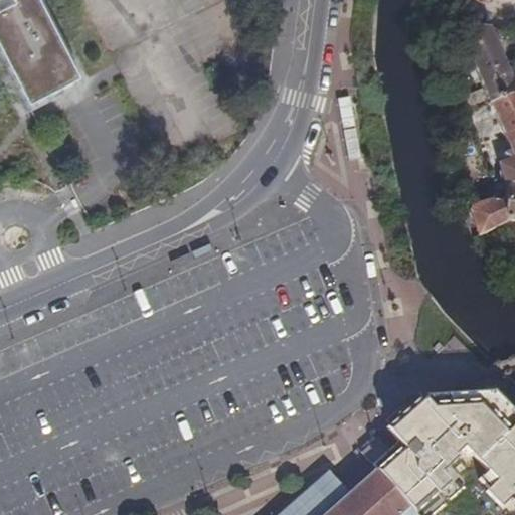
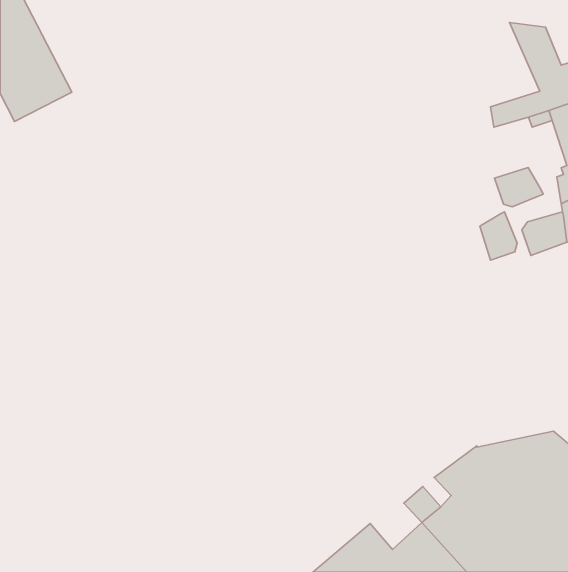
building: none -> [494,167,543,207]
building: none -> [480,212,517,260]

